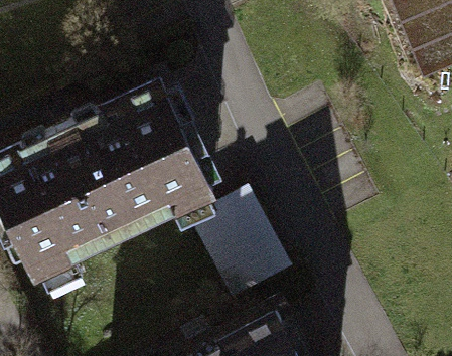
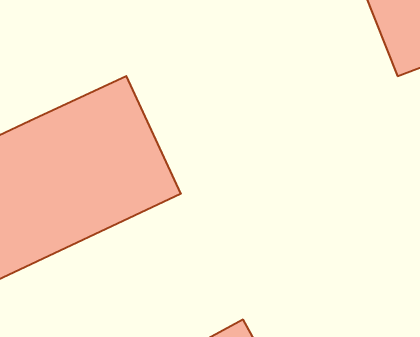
building: [194,189,291,299] -> none

